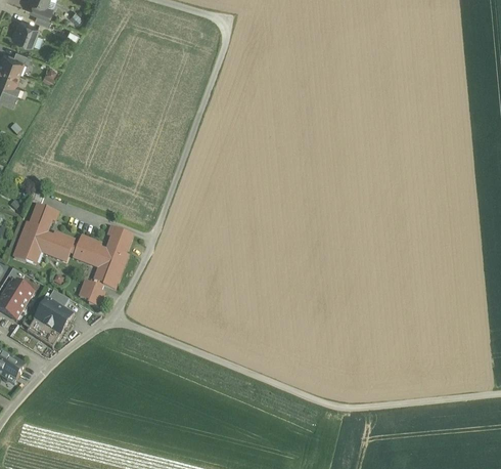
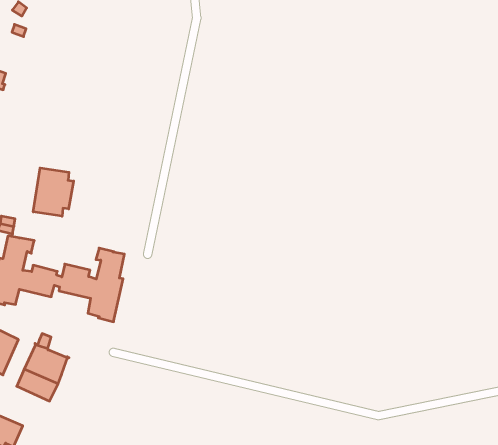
building: none -> [33,168,74,216]
building: [79,279,104,305] -> none

